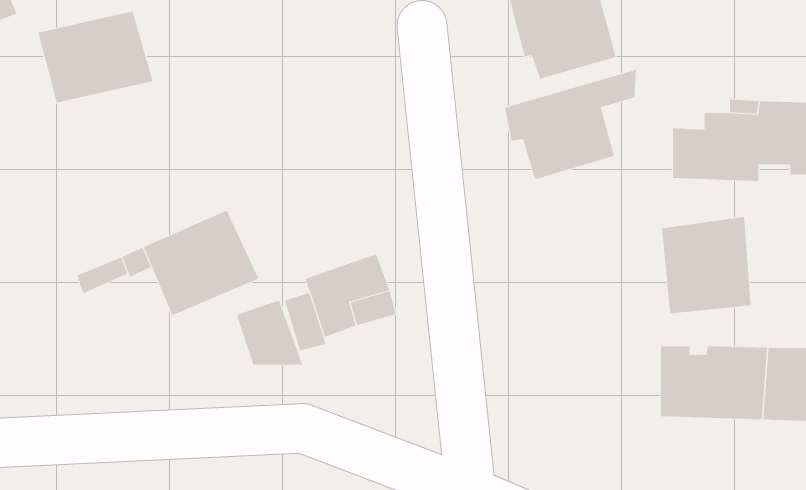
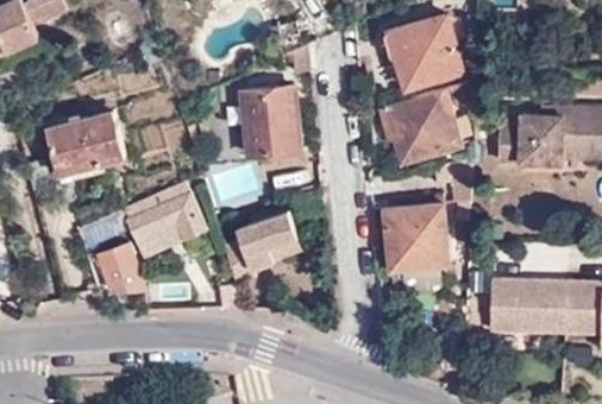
building: [38,11,153,103] -> [43,109,125,175]
building: none -> [244,88,305,156]
building: [661,216,752,314] -> [384,203,449,272]
building: [236,300,303,365] -> [96,246,144,292]

